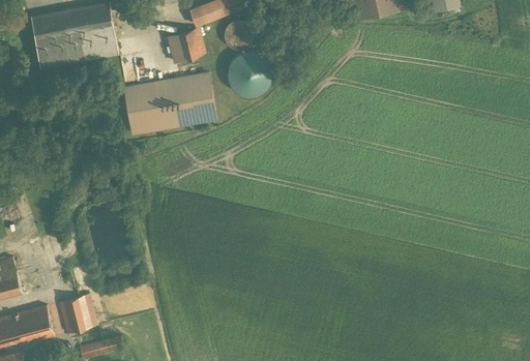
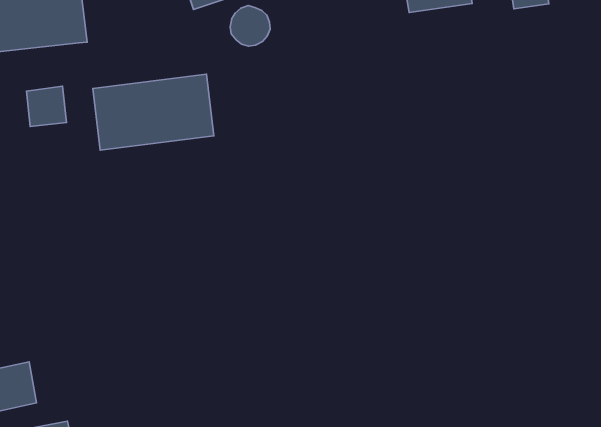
building: [168,29,205,63] -> none
building: [228,52,271,96] -> none
building: none -> [27,86,67,127]

